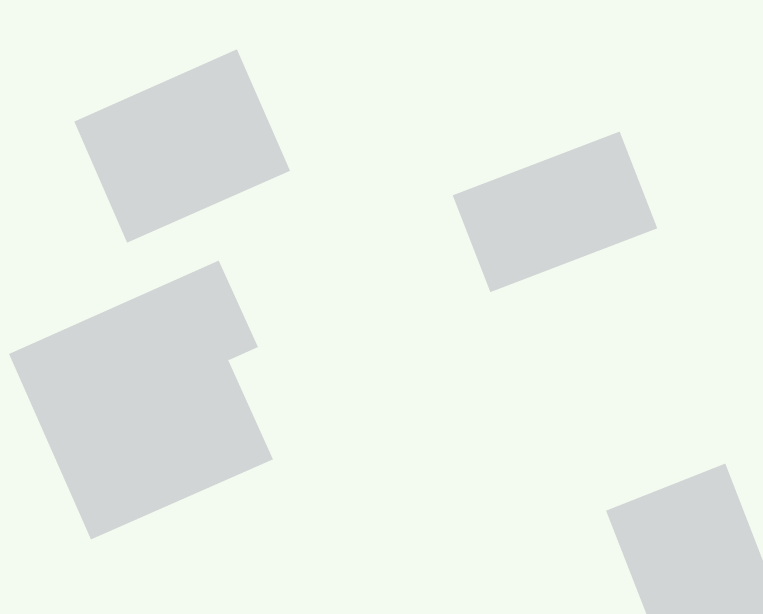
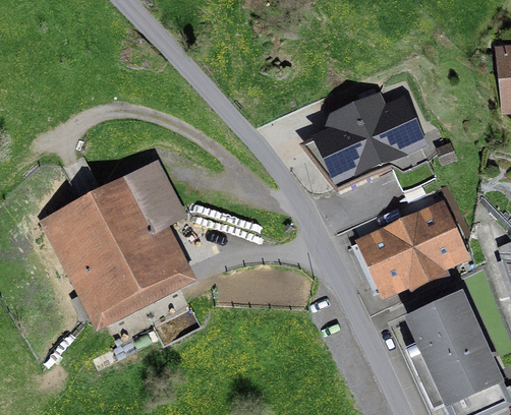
building: [73,49,291,244] -> none
building: none -> [357,199,473,293]

